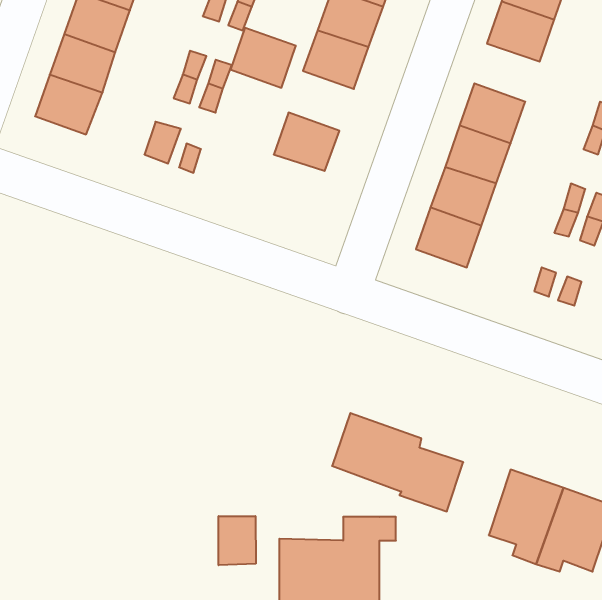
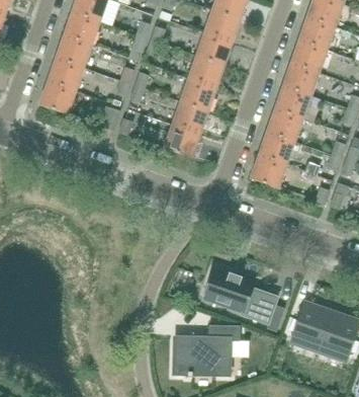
building: [230,28,296,88] -> [180,78,216,111]
building: none -> [283,63,320,95]
building: none -> [164,125,200,157]
building: [219,516,256,565] -> none

